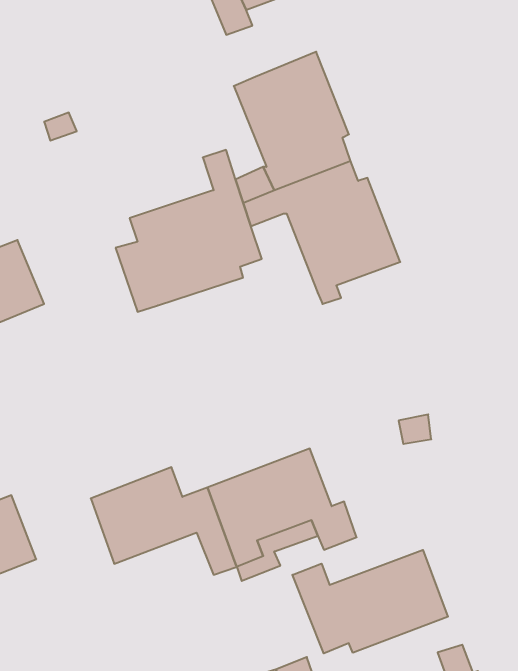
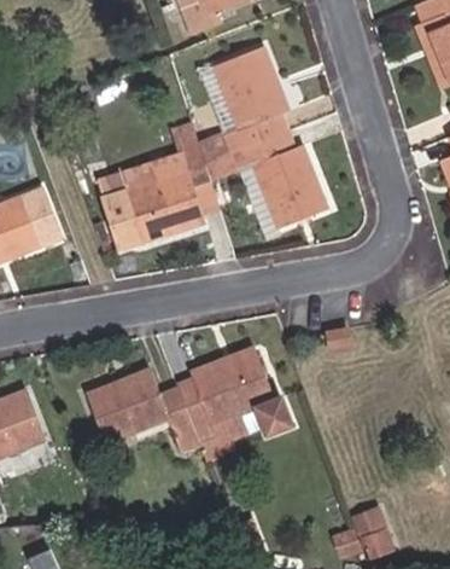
building: [292,550,448,653] -> none

